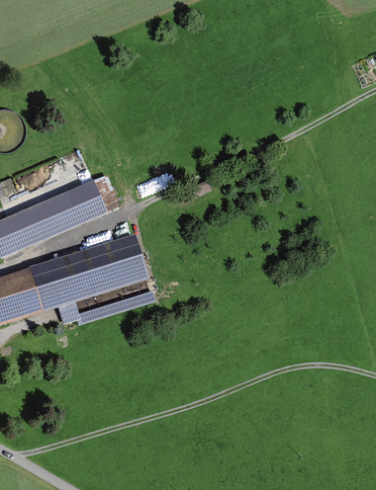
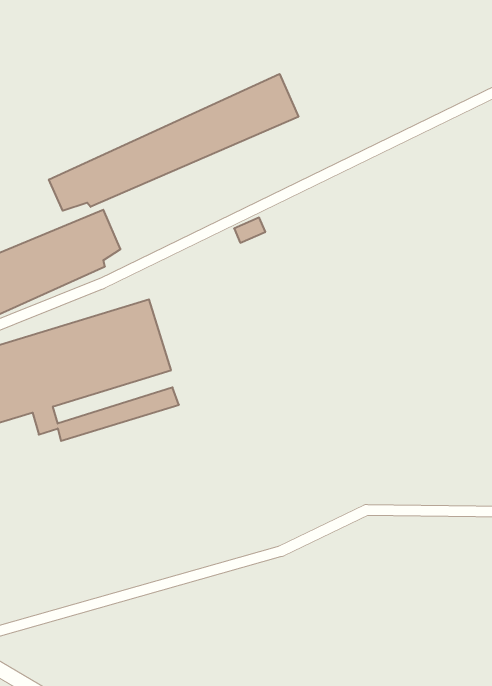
building: none -> [49,74,298,211]

